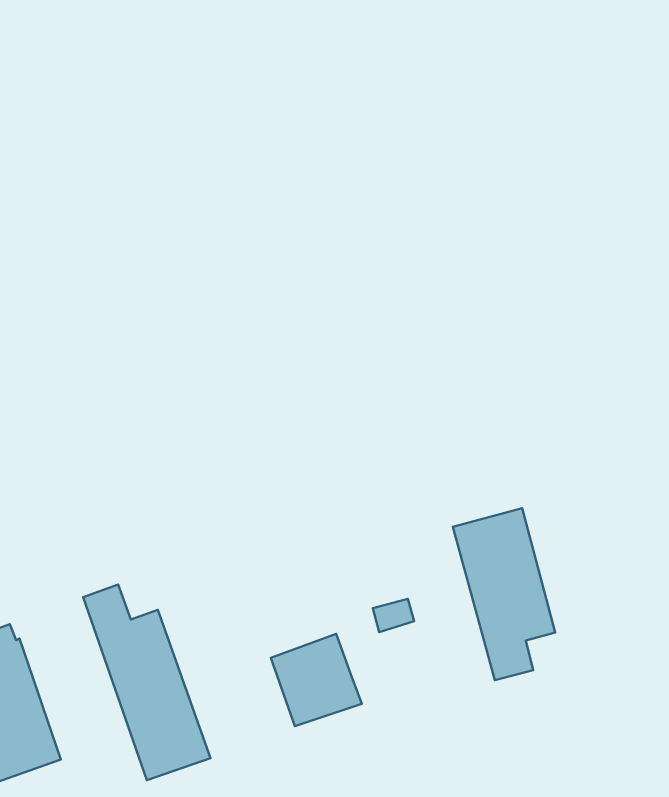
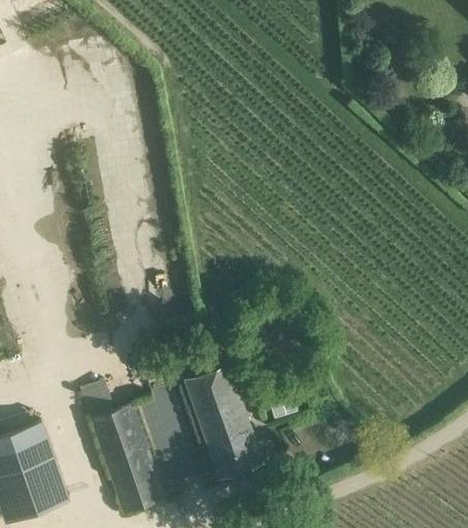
building: [453,508,555,680] -> none
building: none -> [186,367,247,435]

